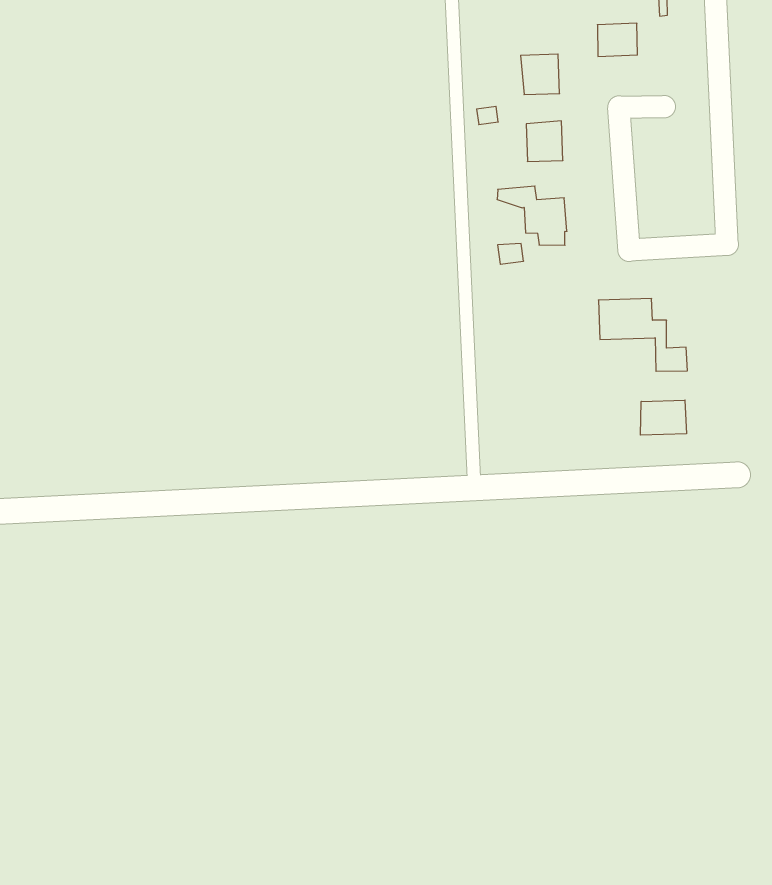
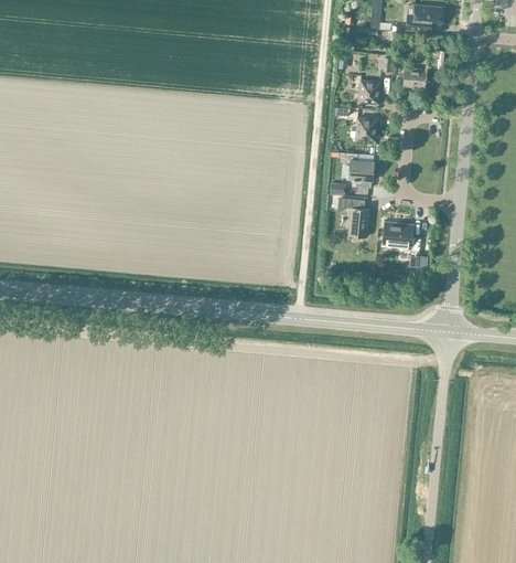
building: none -> [341,196,369,235]
building: [640,400,686,435] -> none

